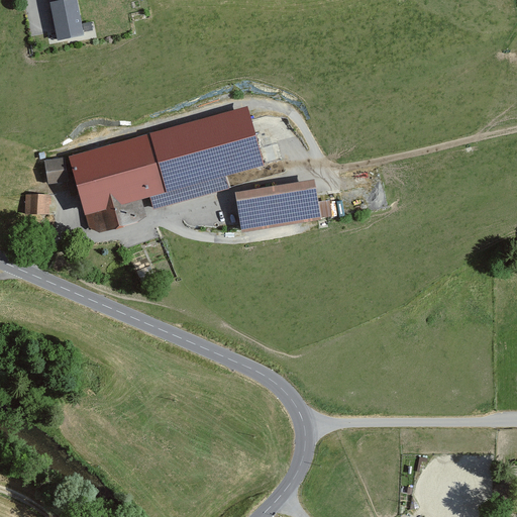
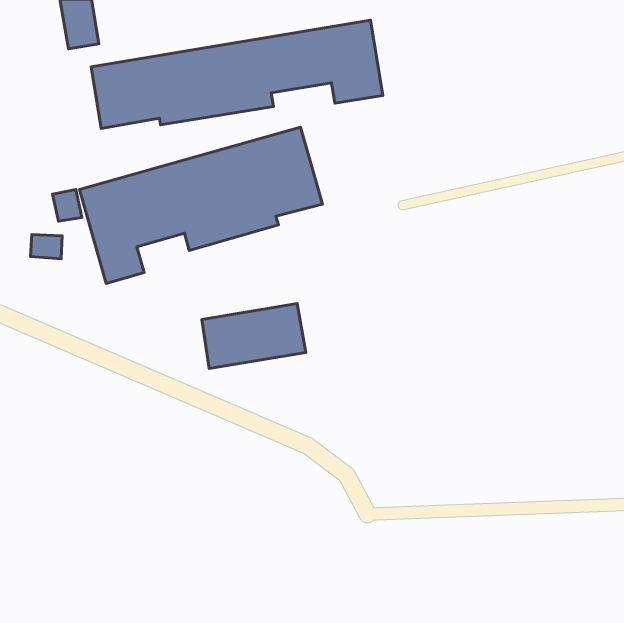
building: none -> [91,20,383,128]
building: [236,180,322,233] -> [202,304,306,368]

